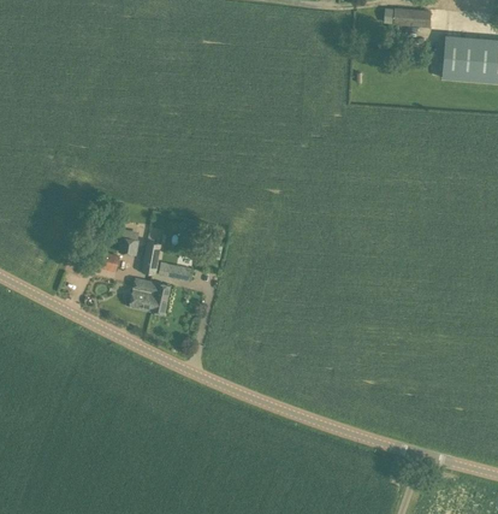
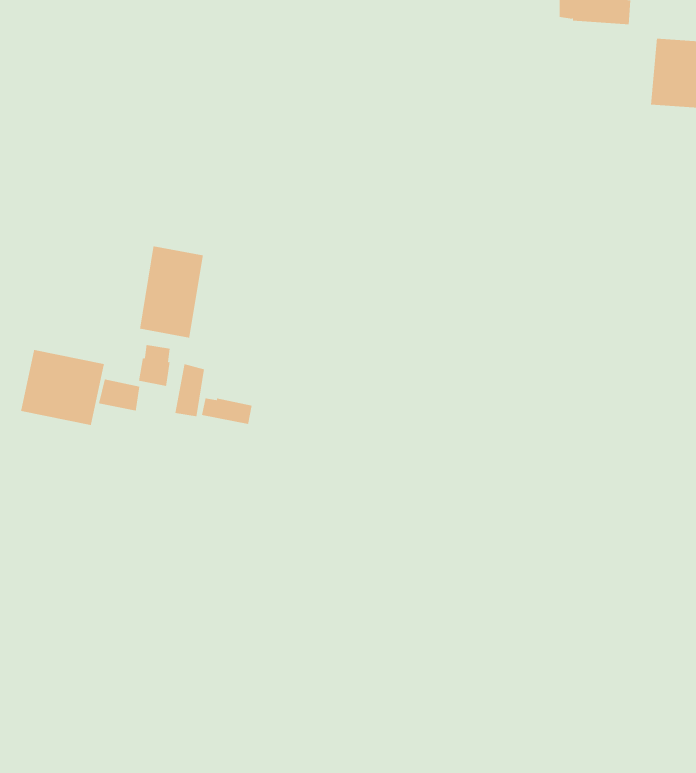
building: none -> [139,245,204,338]
building: none -> [20,349,104,426]
building: [131,279,171,314] -> none

